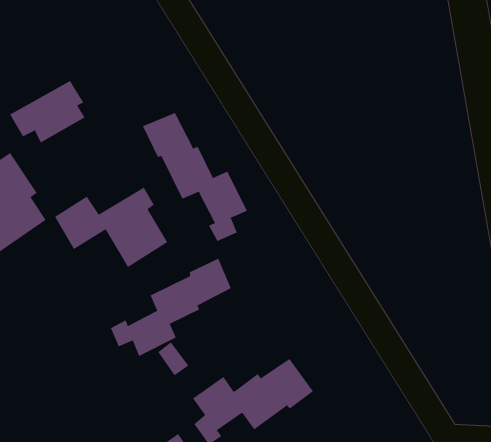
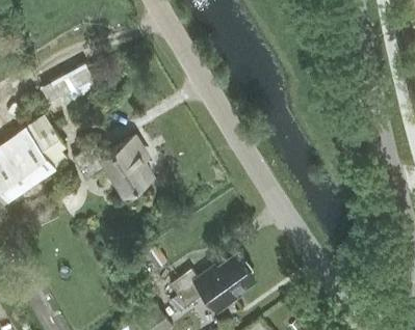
building: [142,112,248,242] -> none
building: [110,258,231,357] -> none

